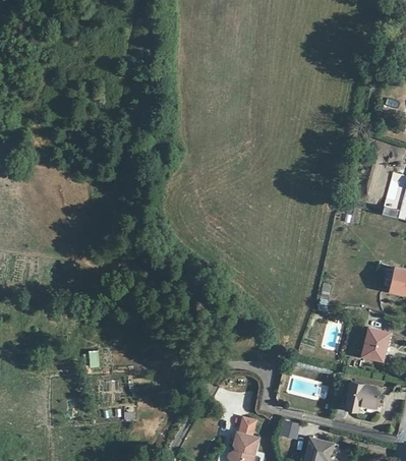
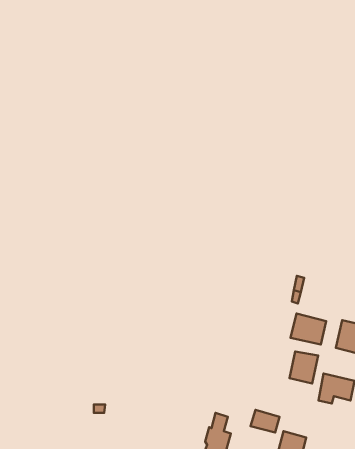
building: none -> [291,313,326,344]
building: none -> [290,351,318,384]

